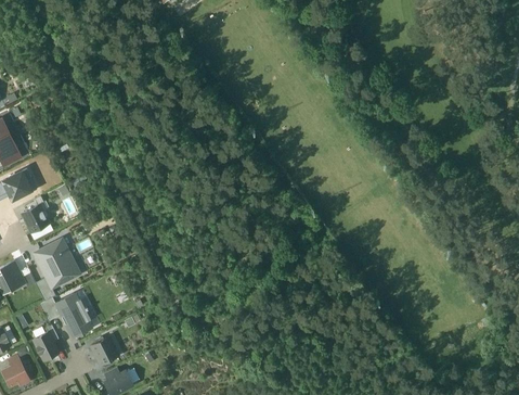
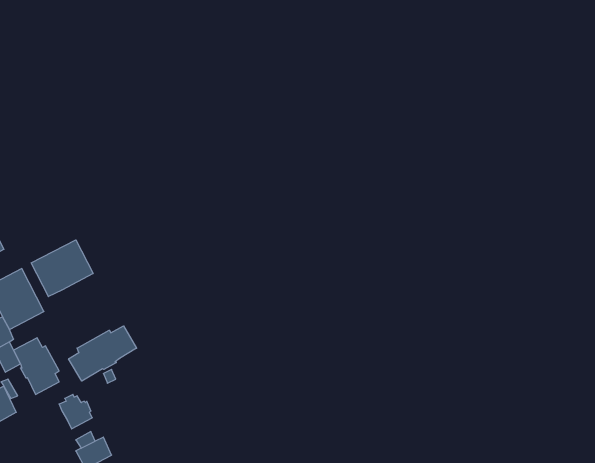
building: none -> [31,240,93,297]
building: none -> [69,326,137,381]

